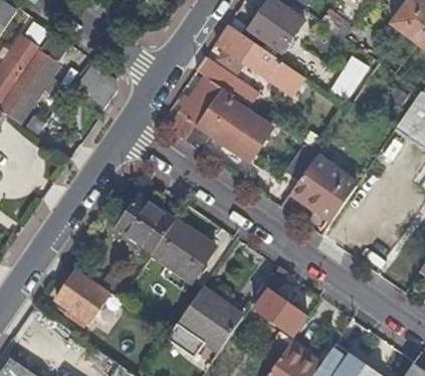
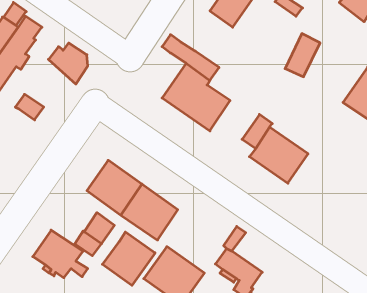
building: [216,27,303,96] -> none
building: [168,76,222,142] -> none
building: none -> [102,232,155,285]

